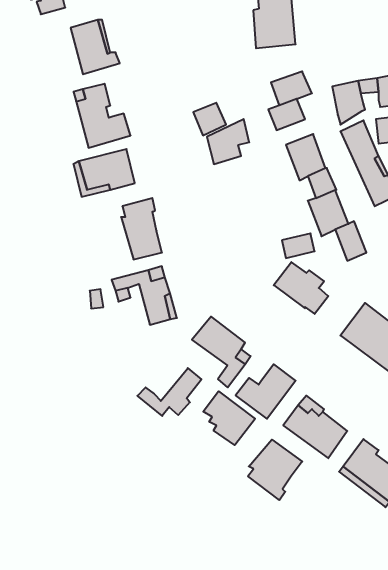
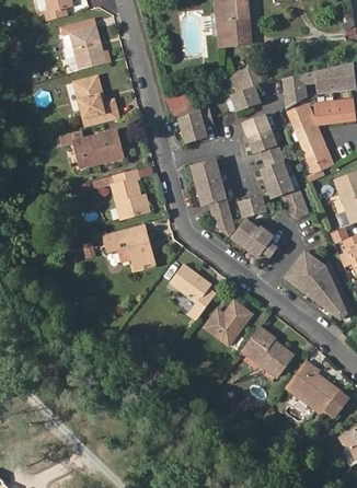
building: none -> [192,159,234,234]
building: [137,368,201,416] -> none
building: [203,391,255,445] -> none
building: [248,440,302,500] -> none

